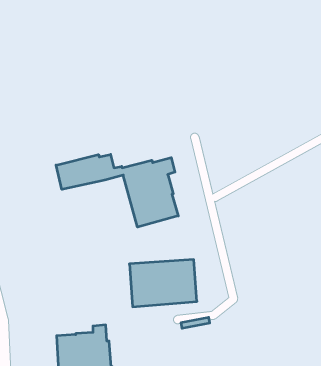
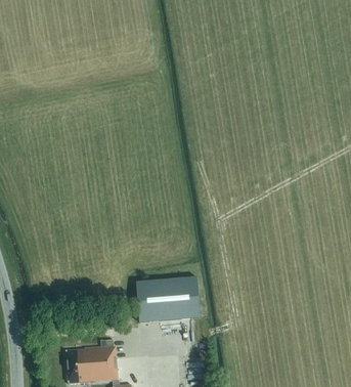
building: [56,154,178,227] -> none

